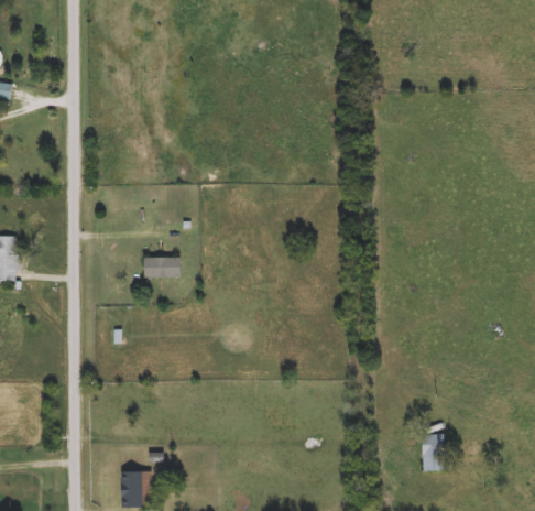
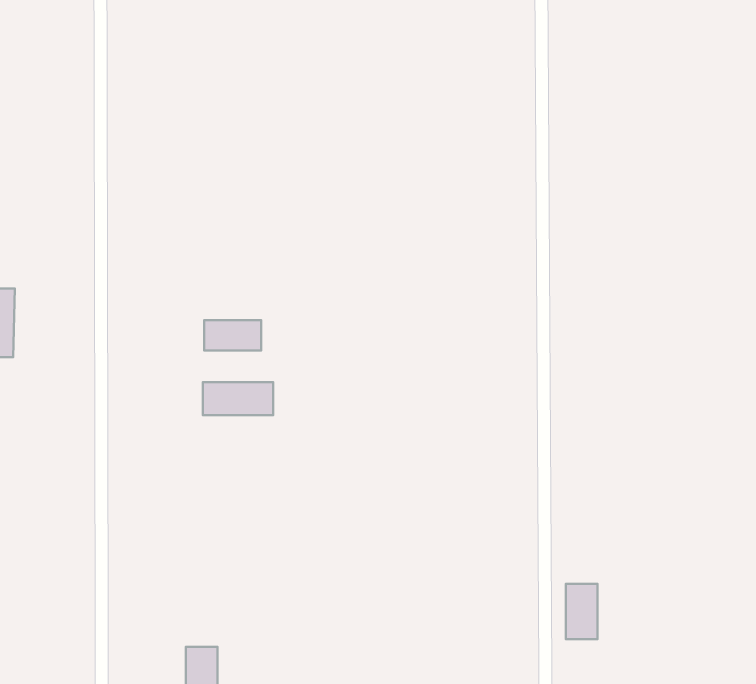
building: none -> [203,382,273,415]
building: [422,434,443,470] -> [566,584,598,639]

